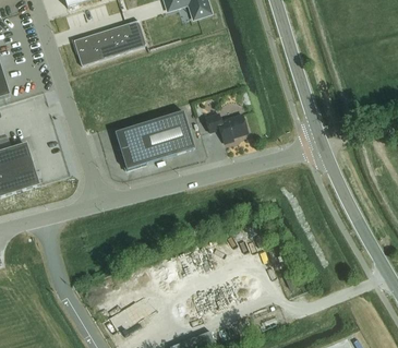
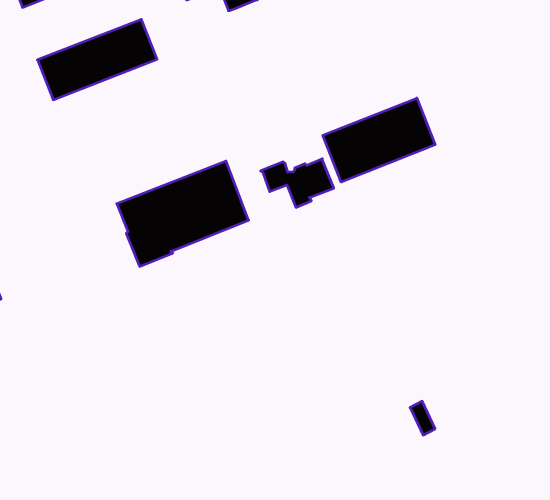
building: none -> [323,98,435,182]

